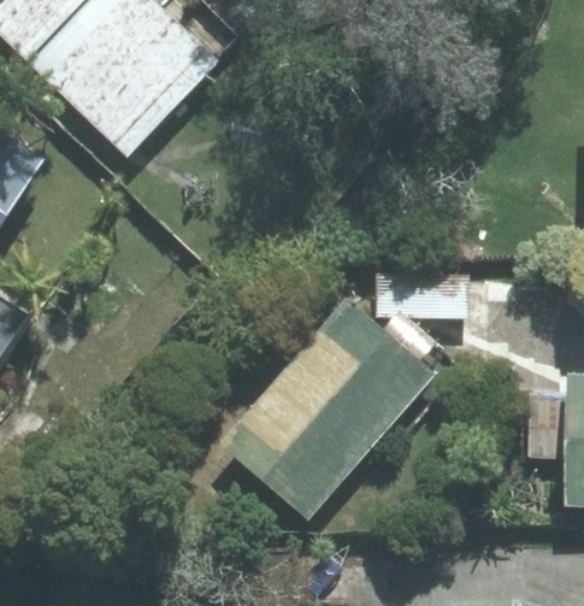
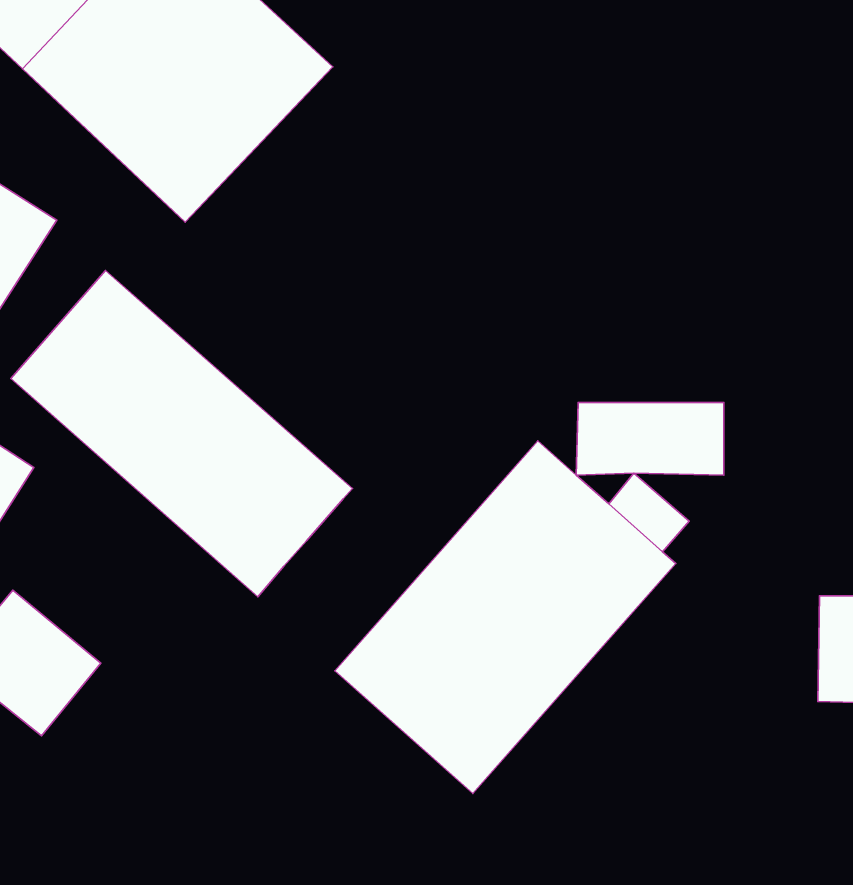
building: none -> [11,270,352,597]

